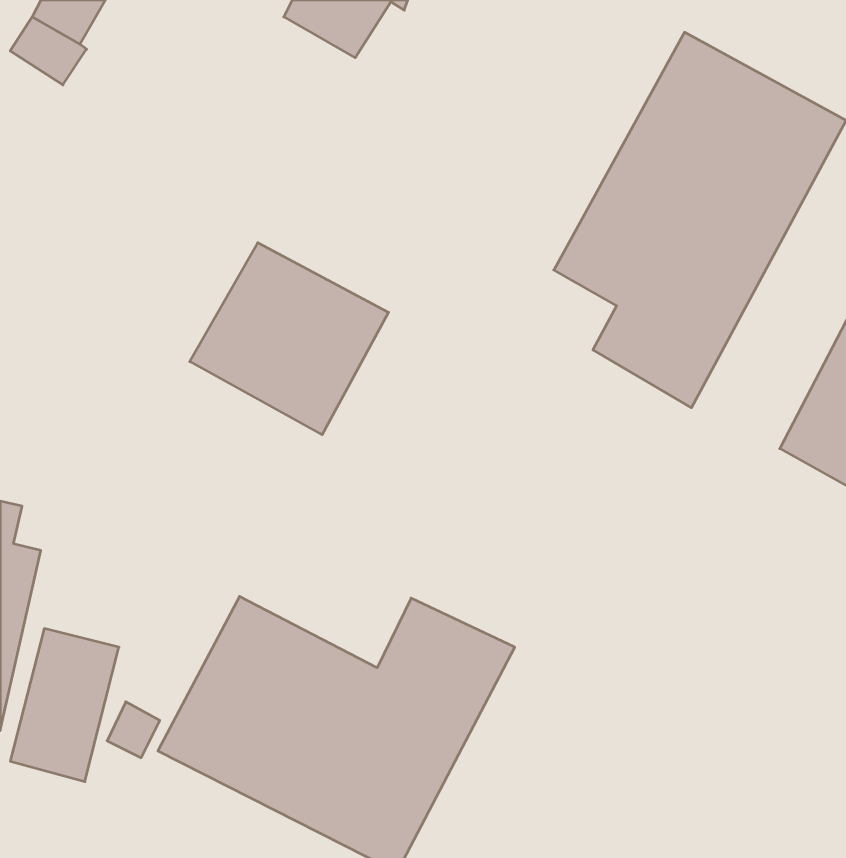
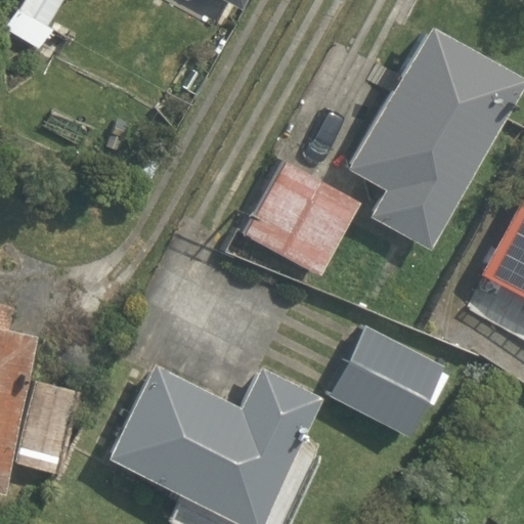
building: [190,243,389,435] -> [244,163,363,278]
building: none -> [331,326,445,439]

